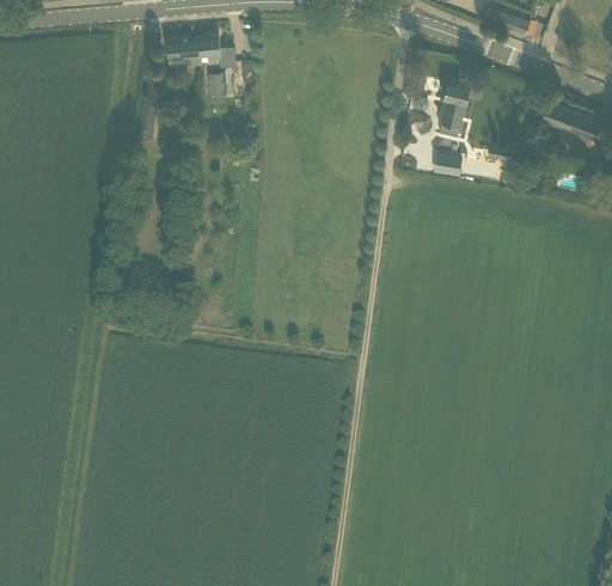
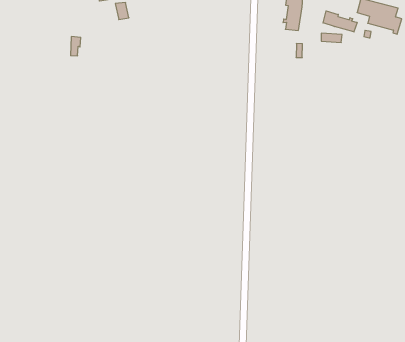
building: none -> [323,11,357,32]

